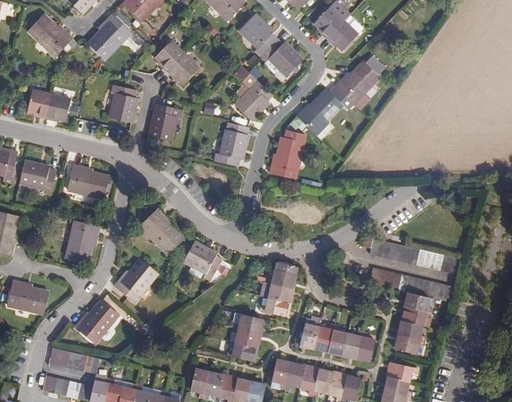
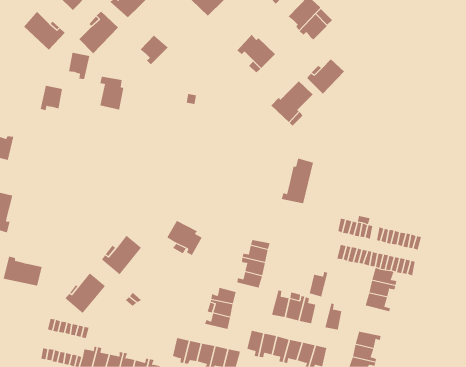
building: [238,13,276,56] -> none
building: [166,53,199,84] -> none
building: [233,77,272,121] -> none
building: [27,90,51,120] -> [68,52,90,80]
building: [147,103,183,140] -> none
building: [213,121,247,165] -> none
building: [270,127,306,177] -> [281,158,314,204]
building: [16,160,54,194] -> none
building: [65,163,108,197] -> none
building: [137,207,182,254] -> none
building: [58,218,91,260] -> none
building: [341,330,362,358] -> [309,272,328,297]
building: [396,334,426,354] -> none

